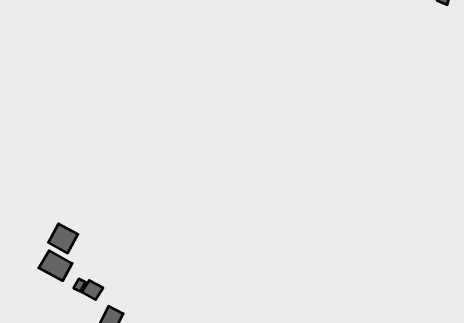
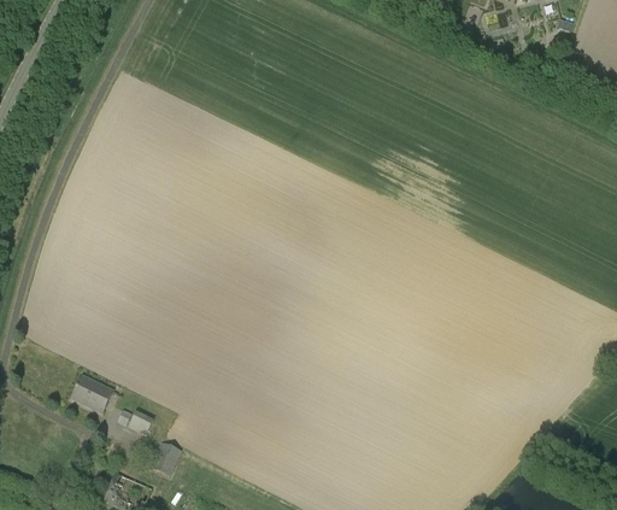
building: [48,224,78,253] -> none

